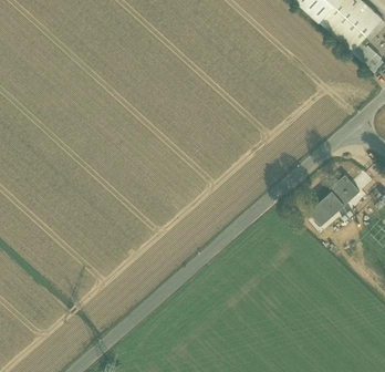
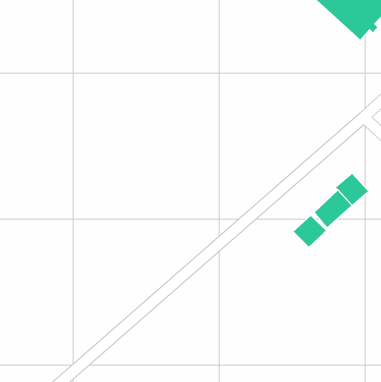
building: none -> [293,215,327,247]

